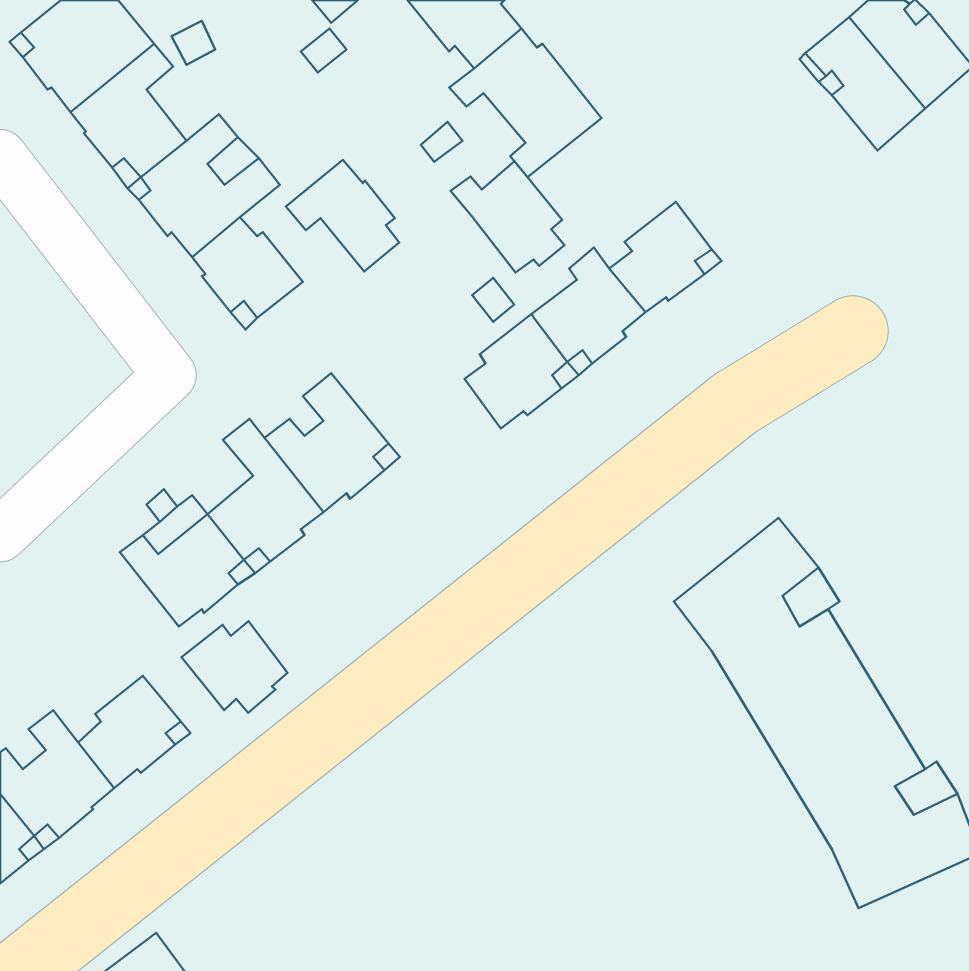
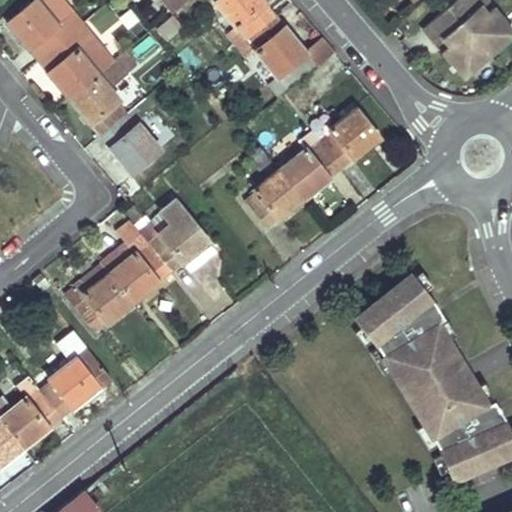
building: [286,160,399,271] -> none
building: [450,161,565,273] -> none
building: [182,621,288,713] -> none

